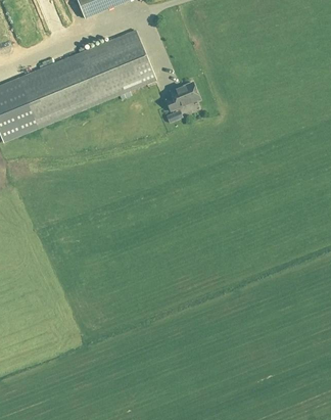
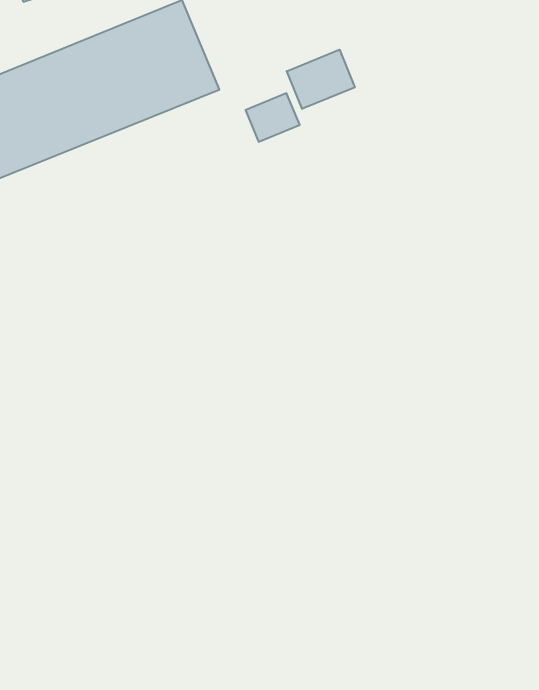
building: none -> [287,50,355,109]

